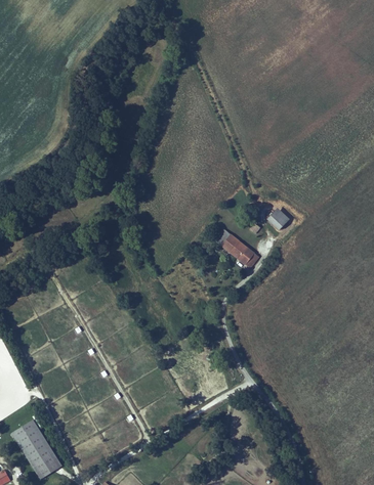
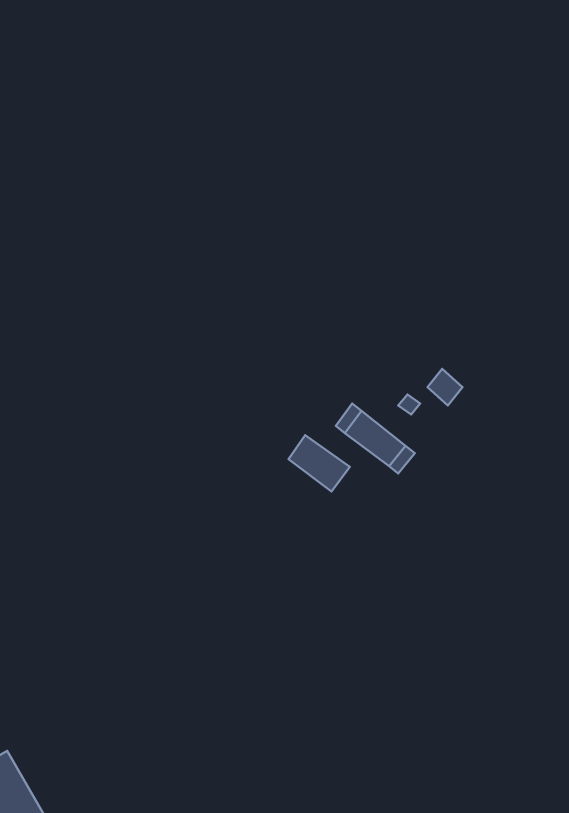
building: none -> [288,435,350,492]

